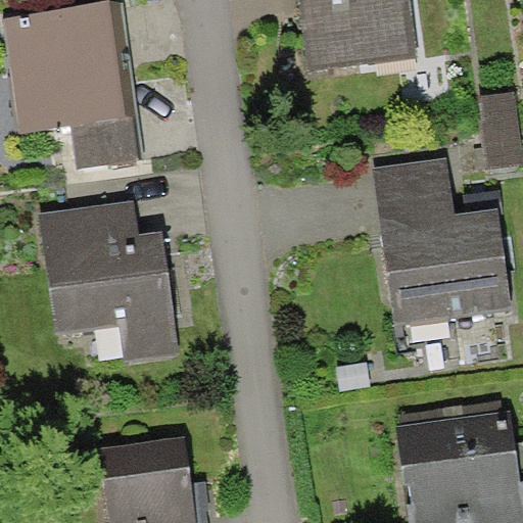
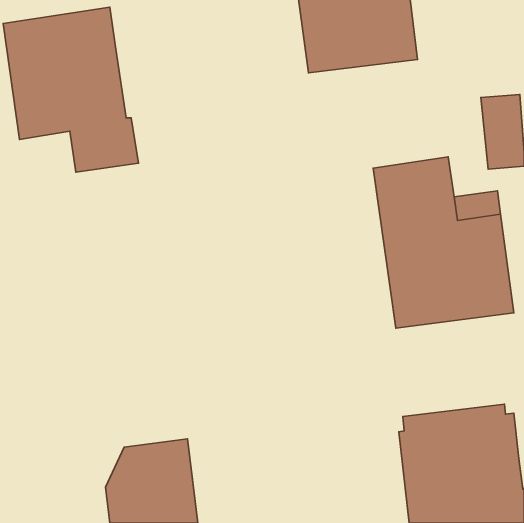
building: [44,203,173,358] -> none

